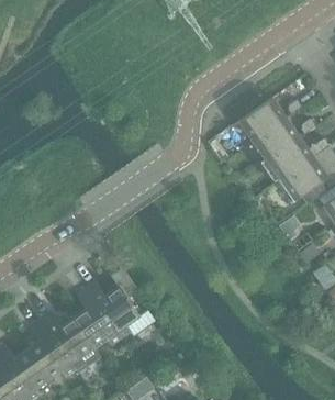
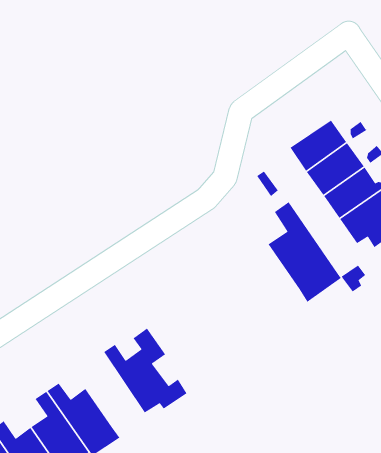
building: none -> [267,201,342,303]
building: [72,288,121,349] -> none

